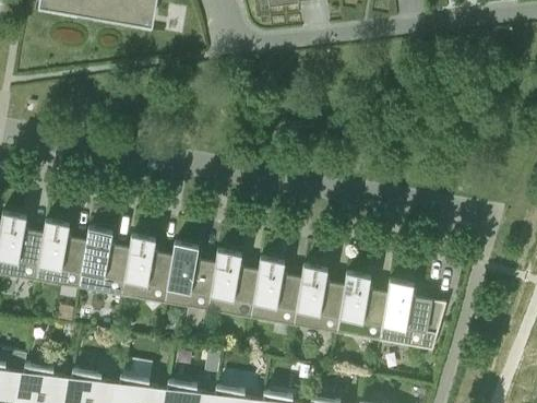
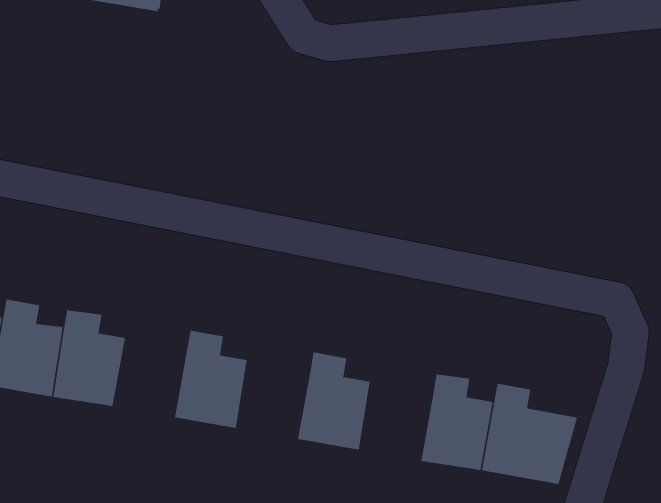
building: [120,234,171,303] -> none
building: [206,249,258,318] -> none
building: [293,264,344,333] -> none

